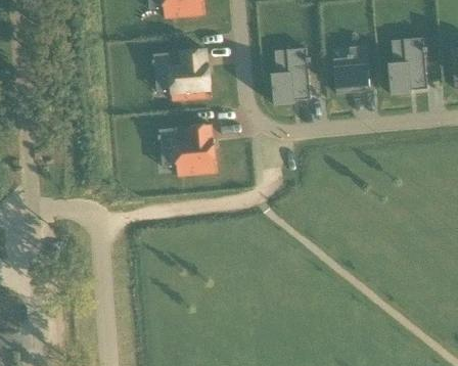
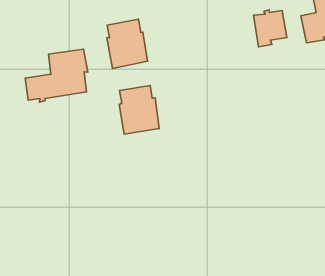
building: [270,48,310,105] -> none
building: none -> [25,49,88,102]

